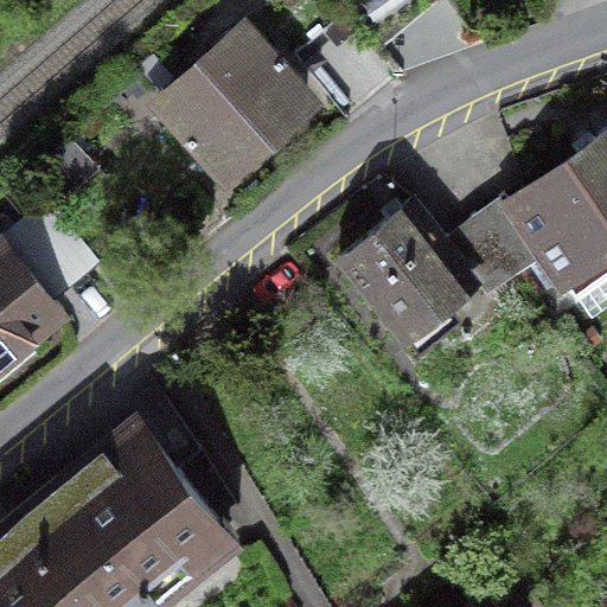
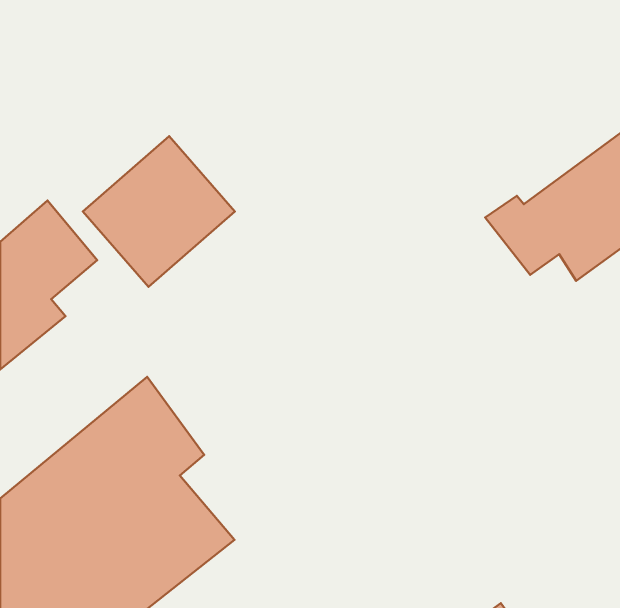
building: [161,37,309,184] -> [83,136,235,287]
building: [340,209,518,341] -> none

